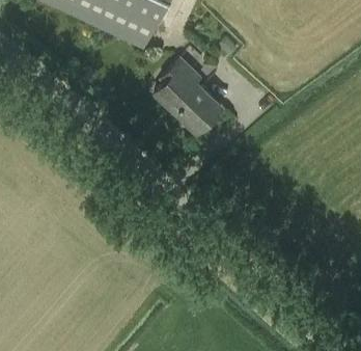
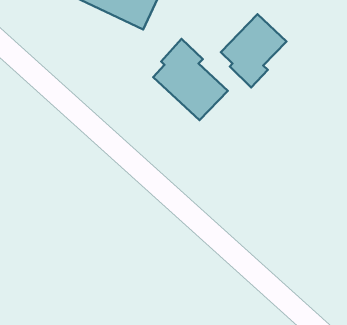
building: none -> [221,14,287,88]

